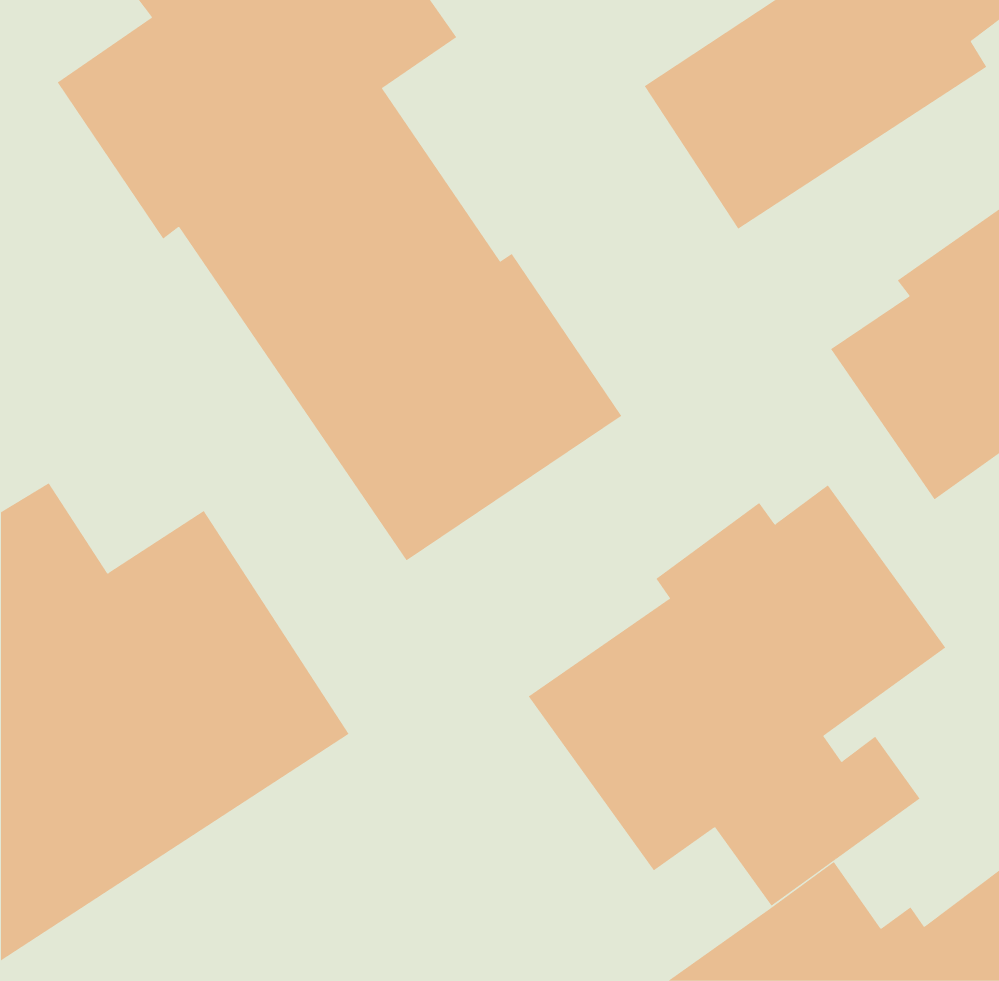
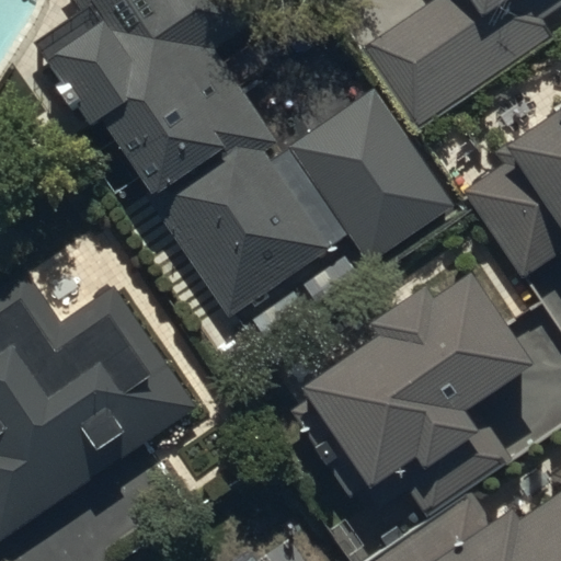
building: none -> [294,79,456,251]

